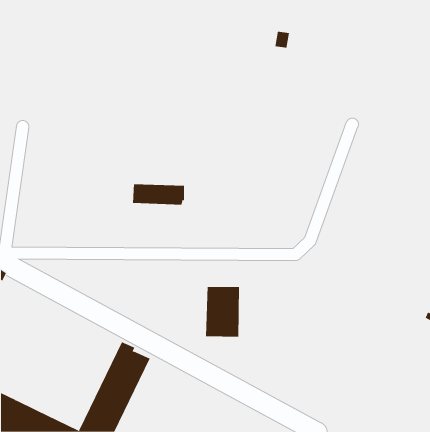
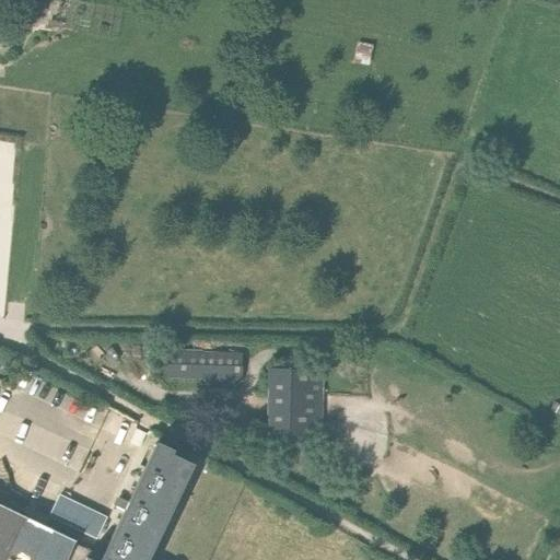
building: [132,184,185,205] -> [168,351,236,378]
building: none -> [50,495,109,539]

